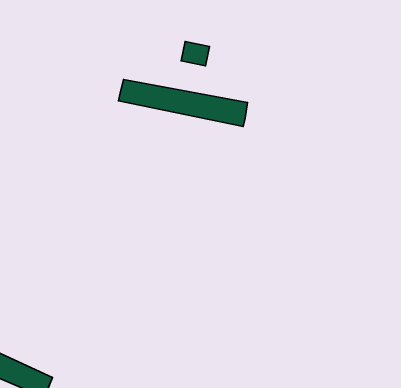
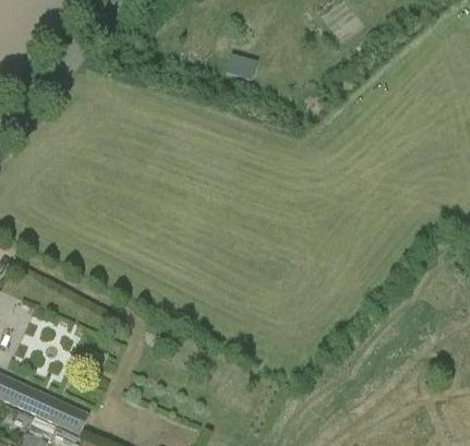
building: [119,79,247,127] -> none

